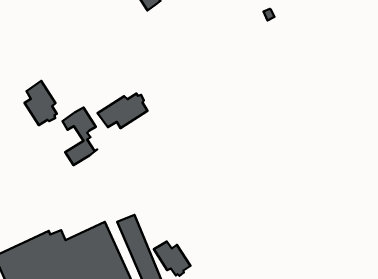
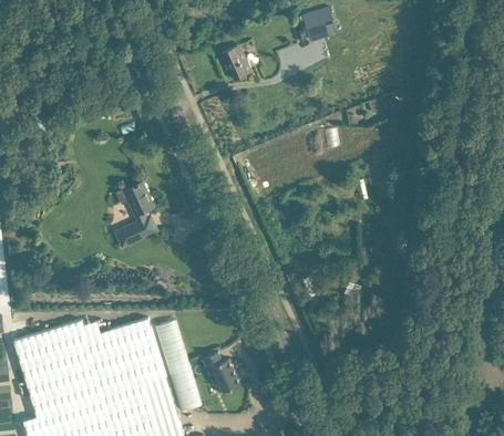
building: [25,81,57,125] -> none
building: [97,94,147,128] -> none

